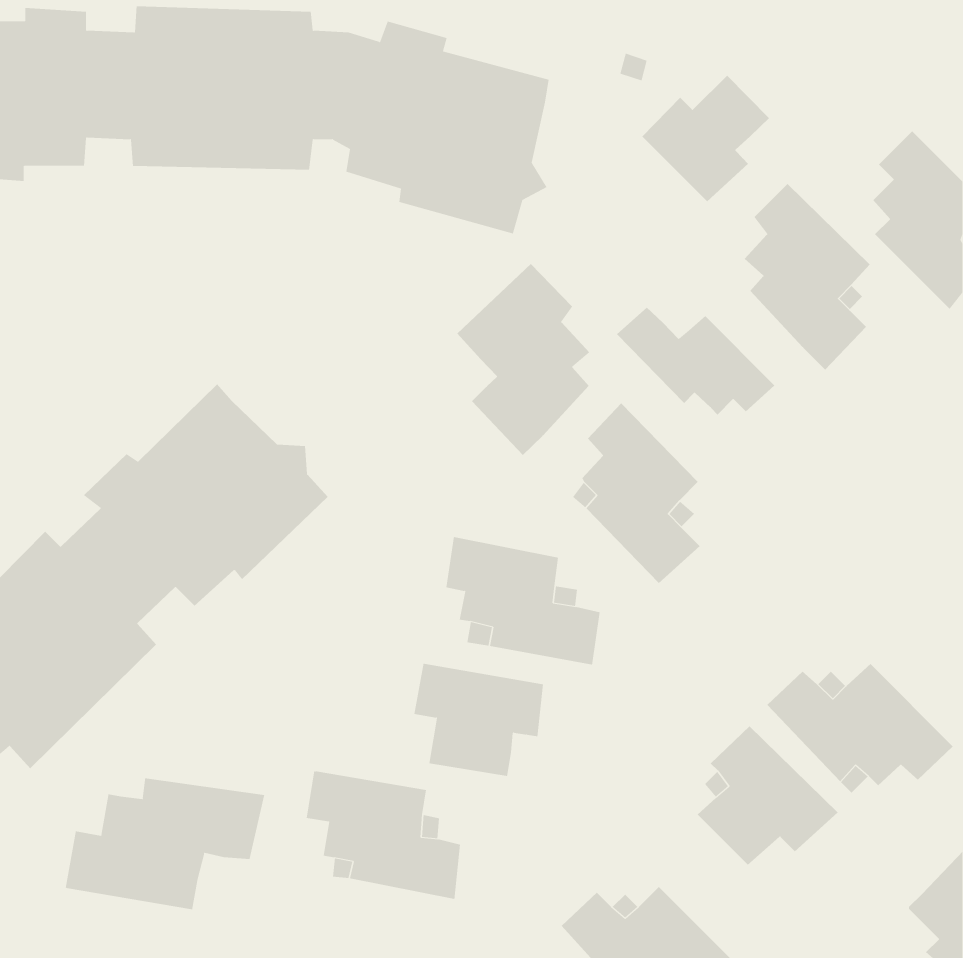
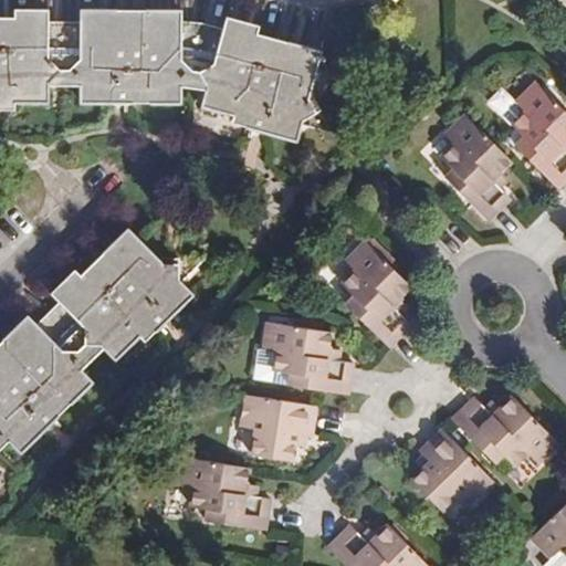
building: [641,75,770,202] -> none
building: [456,263,590,456] -> none
building: [616,307,775,415] -> none
building: [65,777,265,910] -> none

